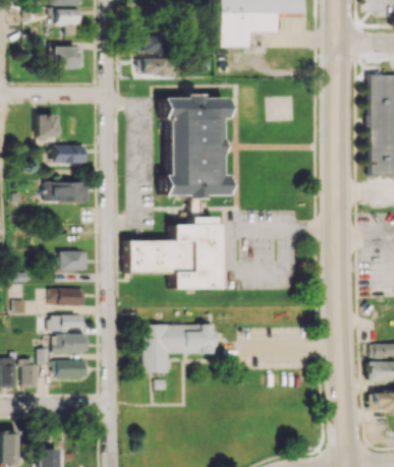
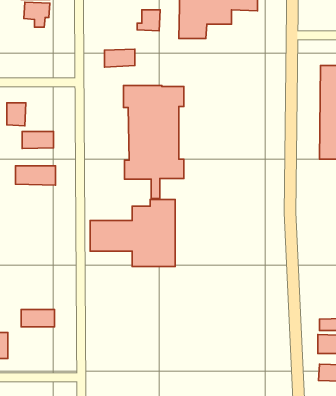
building: [135,34,160,56] -> [137,10,160,31]
building: [53,47,83,68] -> none
building: [59,251,88,271] -> none
building: [50,288,85,306] -> none
building: [49,315,83,332] -> none
building: [143,325,215,372] -> none
building: [56,361,87,378] -> none

